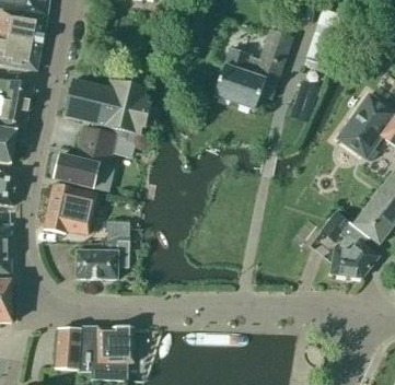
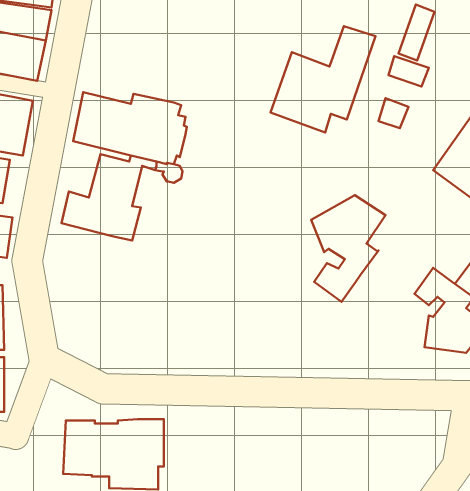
building: none -> [311,195,385,302]
building: [44,183,97,234] -> none
building: [75,221,129,279] -> none

